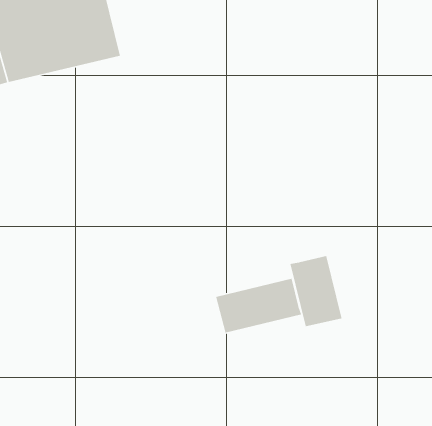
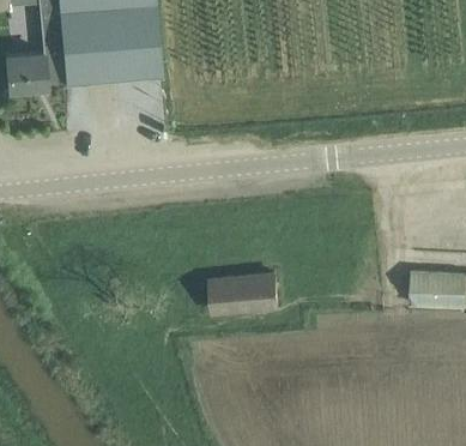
building: [290,255,342,327] -> none

